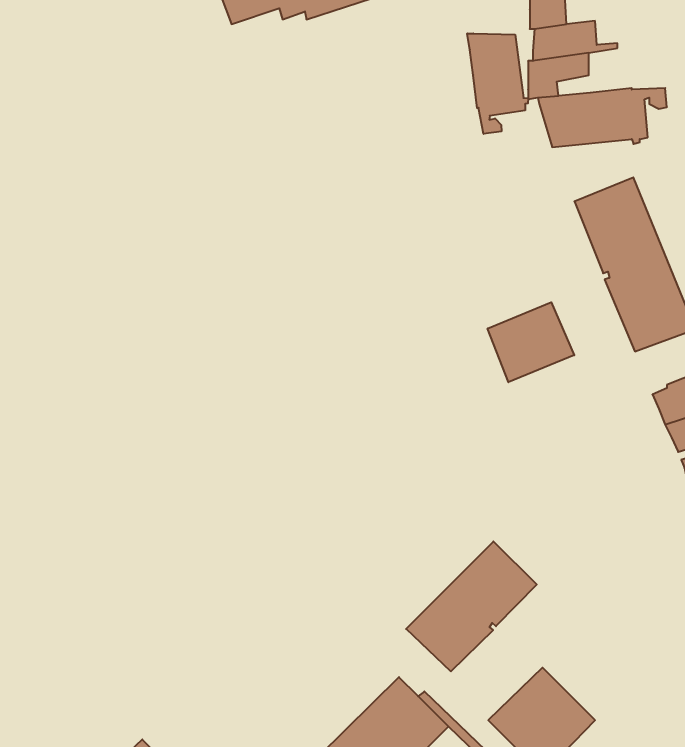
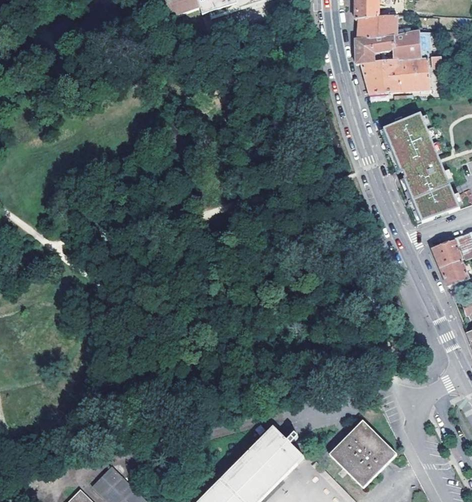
building: [467,33,528,134] -> none
building: none -> [392,31,419,60]
building: [488,302,574,382] -> none
building: [406,541,537,671] -> none

